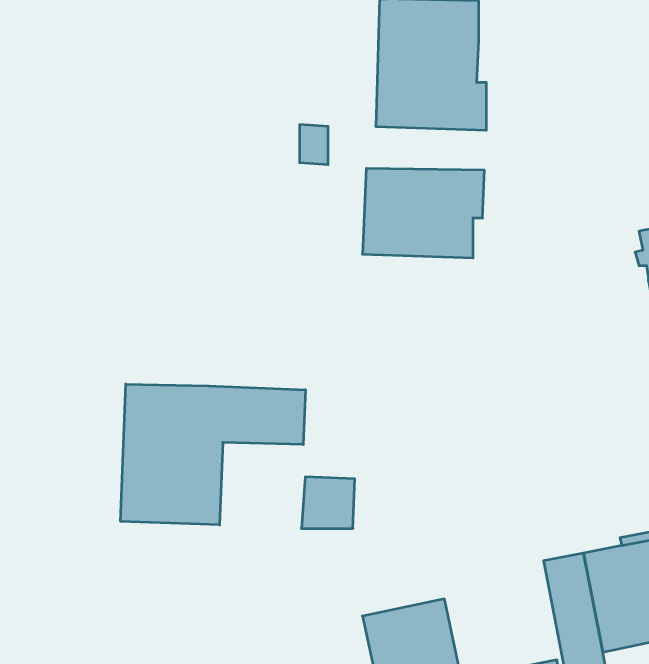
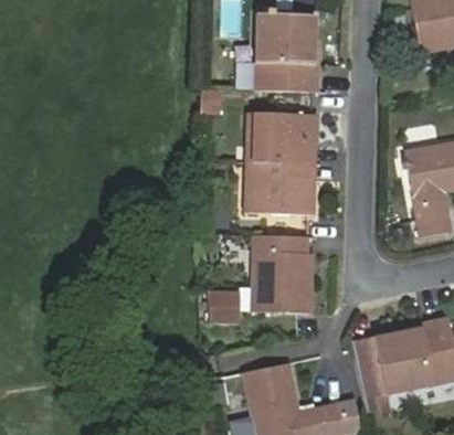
building: none -> [245,163,316,212]
building: none -> [253,236,315,315]
building: [121,384,305,525] -> none

